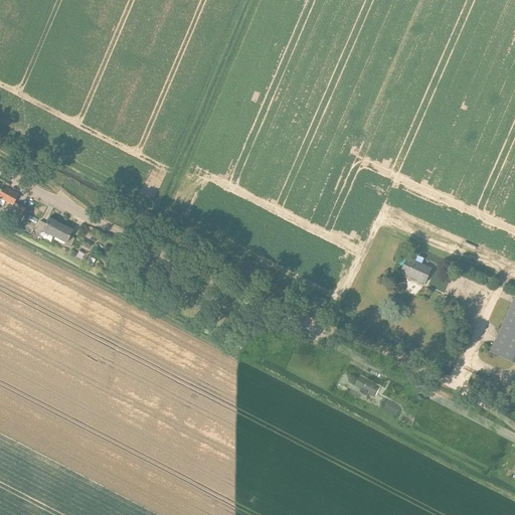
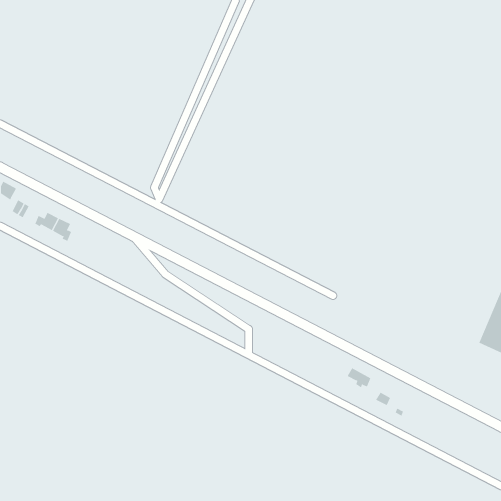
building: [402,254,433,282] -> none

